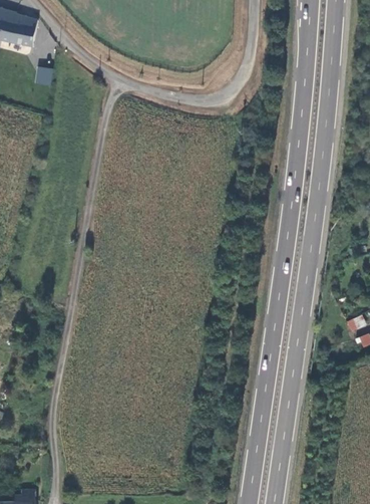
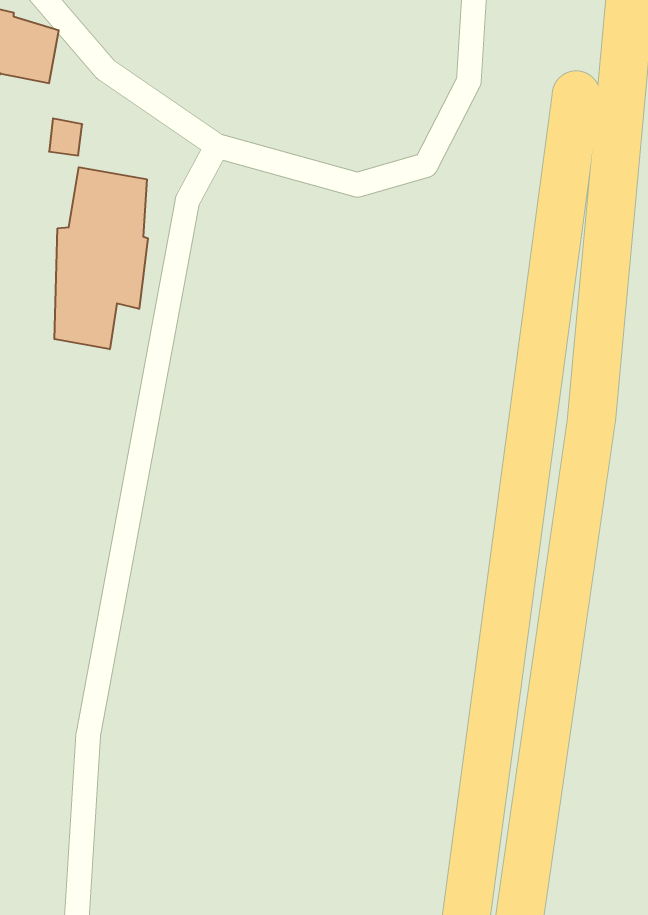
building: none -> [55,167,148,349]

